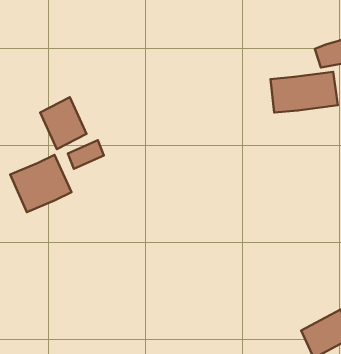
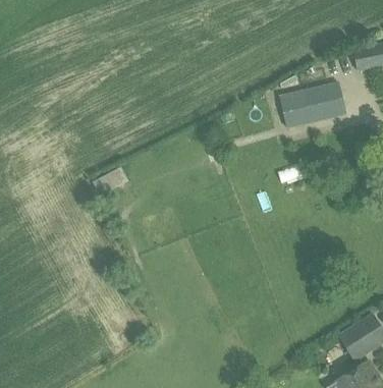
building: [40,97,86,149] -> none
building: [10,155,71,212] -> none

